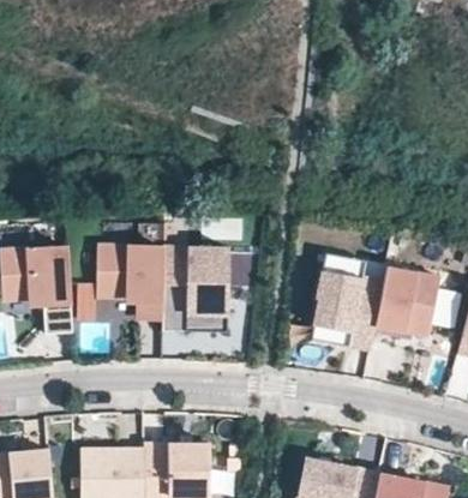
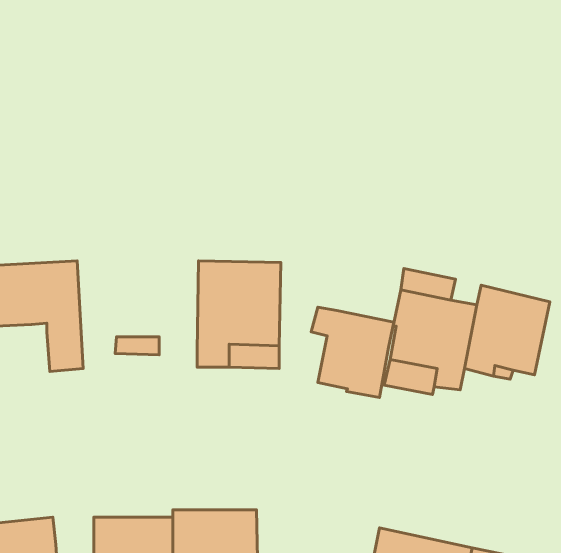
building: [96,245,163,317] -> none
building: none -> [311,307,394,398]

